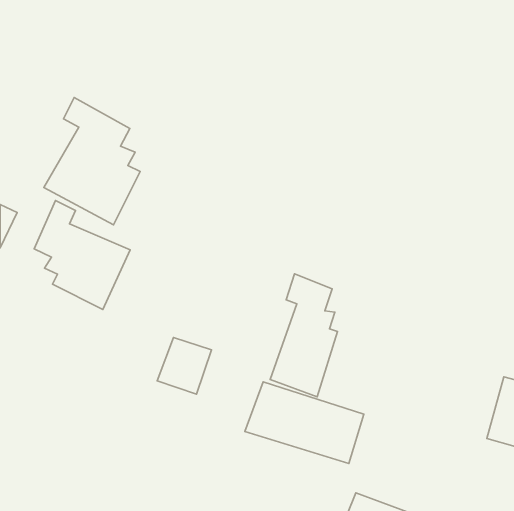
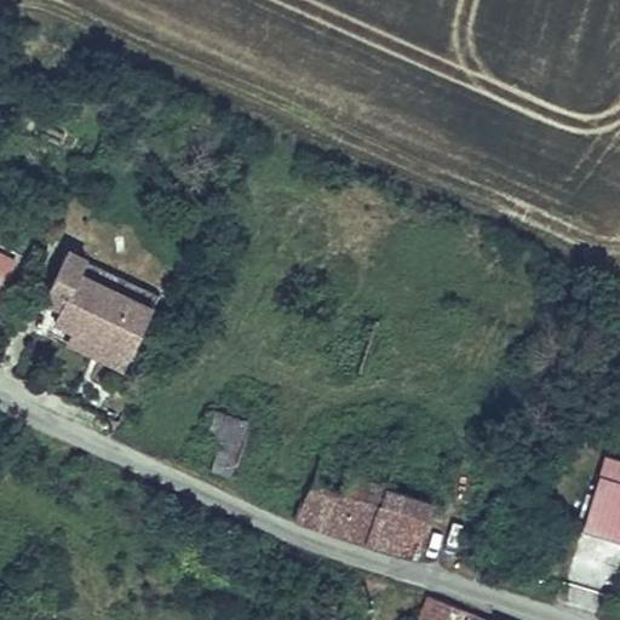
building: [44,98,140,225] -> none
building: [270,274,338,397] -> none

